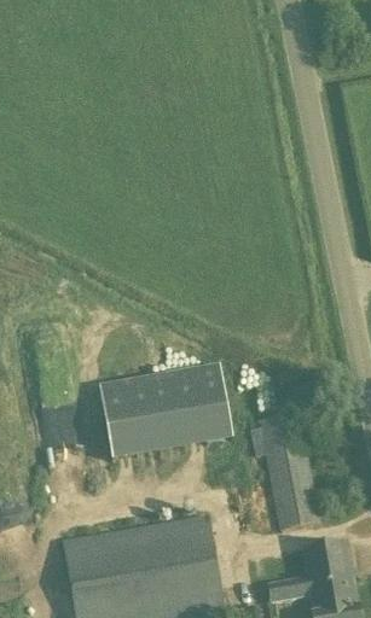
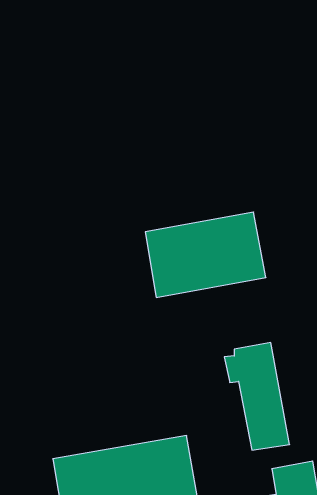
building: [102,365,233,457] -> [145,212,266,297]

